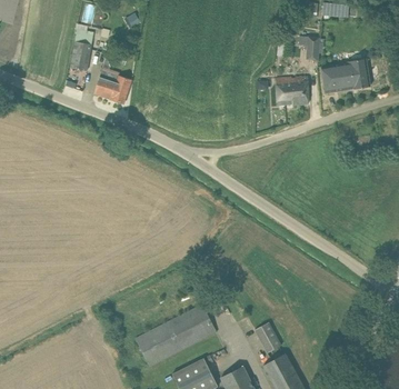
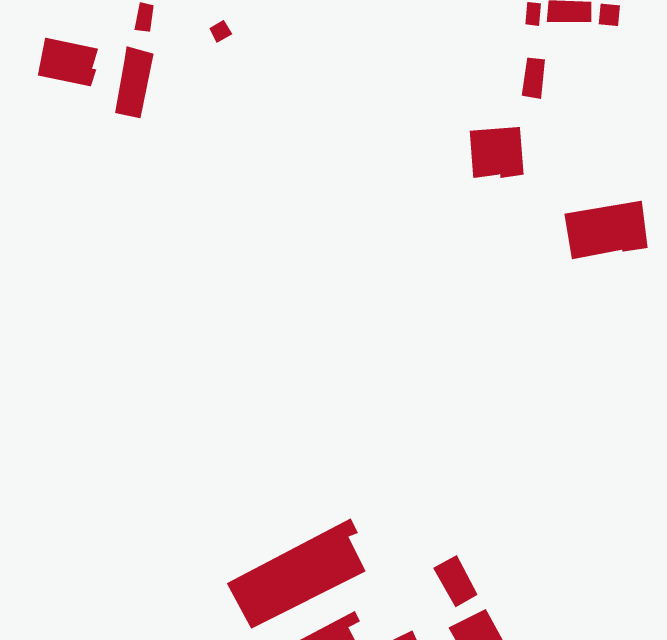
building: none -> [37,37,99,87]
building: [93,58,130,103] -> none
building: [320,59,369,93] -> [564,200,648,260]

